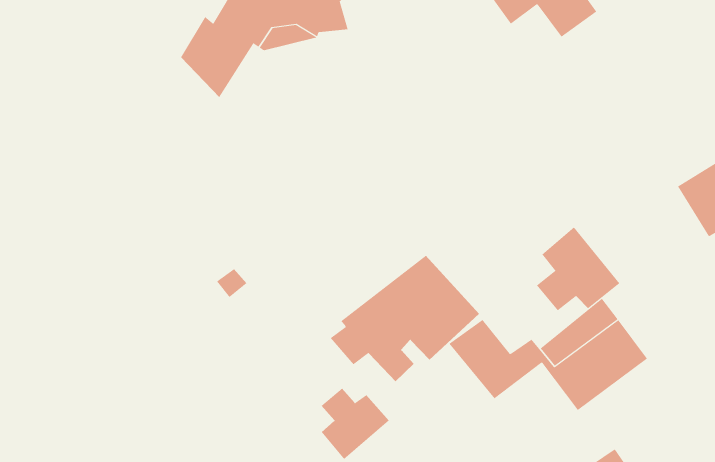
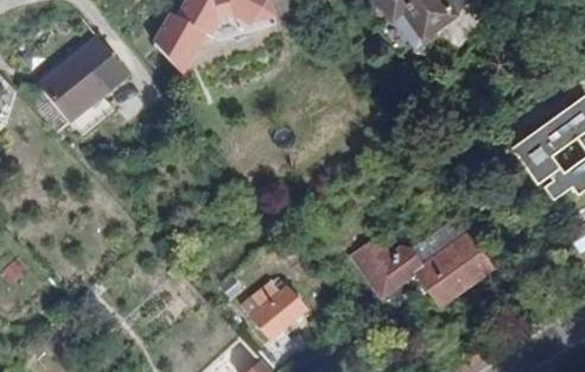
building: none -> [36,36,129,126]
building: [536,227,620,311] -> none
building: [330,255,480,382] -> none

